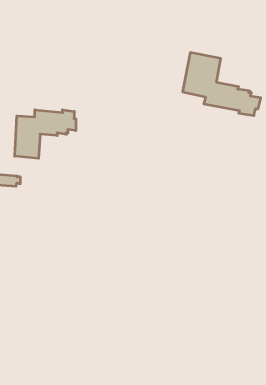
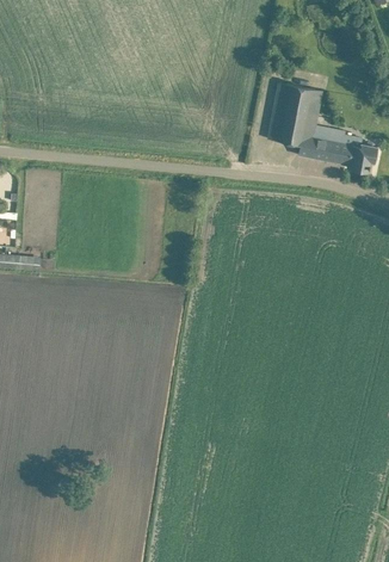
building: [15,110,76,158] -> none

